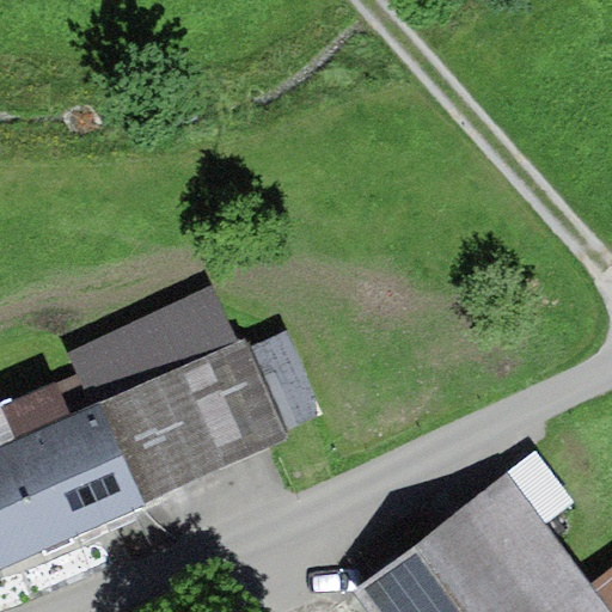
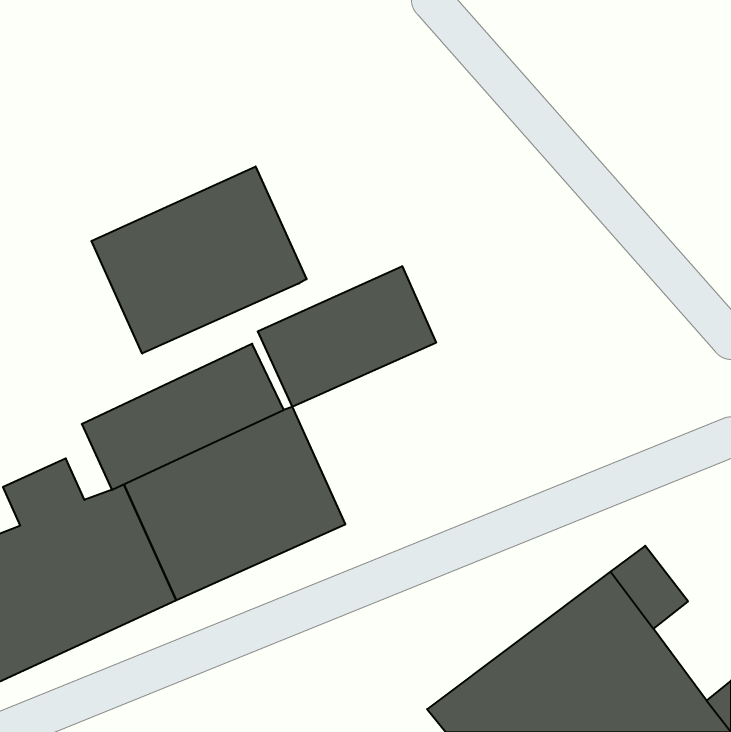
building: none -> [91,166,307,354]
building: none -> [258,266,436,407]

